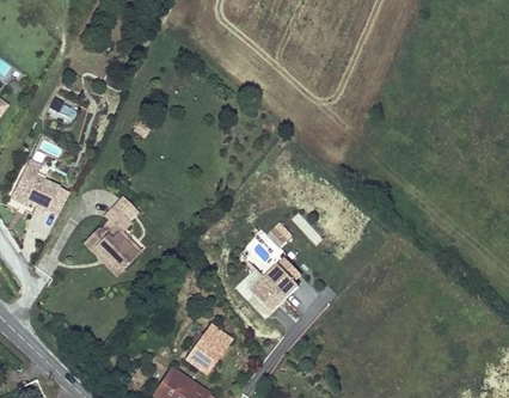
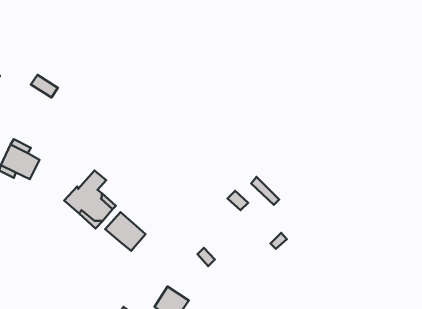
building: none -> [105,212,145,251]
building: [253,261,299,308] -> none

